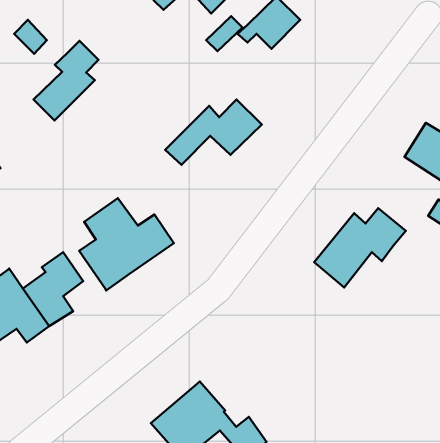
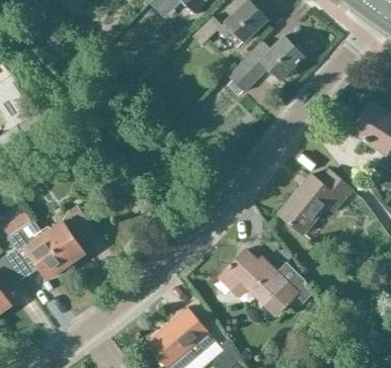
building: [33,41,99,120] -> none
building: [165,100,262,165] -> [227,36,305,89]
building: [79,198,174,290] -> none
building: none -> [219,251,312,315]

